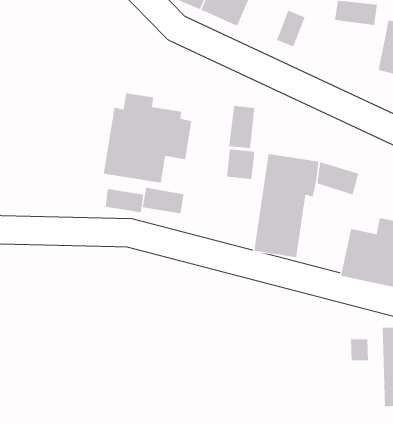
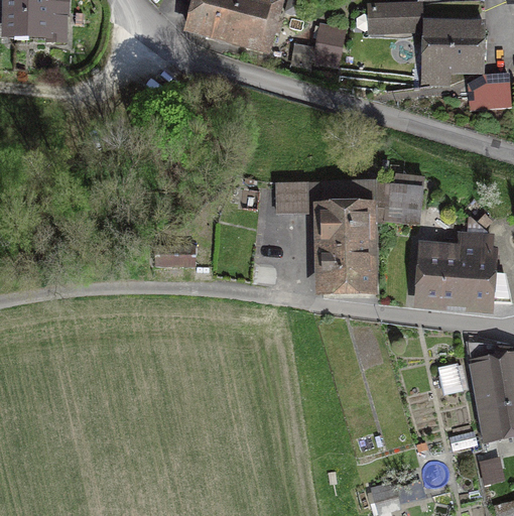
building: [103,93,192,184] -> none
building: [228,105,255,149] -> none
building: [142,187,184,214] -> none

